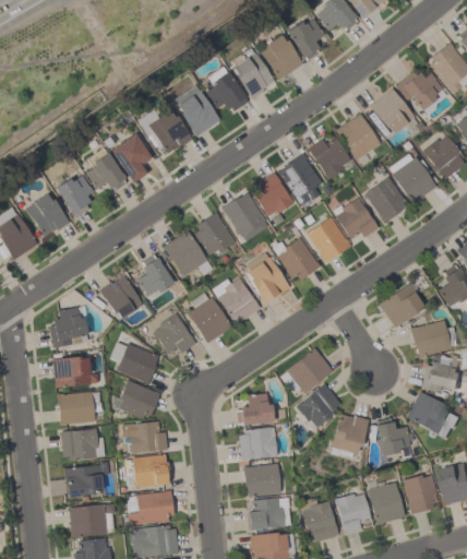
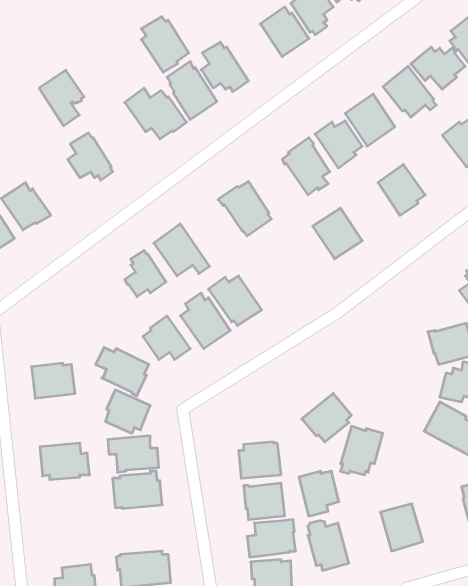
building: [231,48,274,98] -> [141,17,189,72]
building: [110,133,151,183] -> [39,70,84,126]
building: [388,154,436,203] -> none
building: [252,173,294,216] -> none
building: [56,175,92,218] -> none
building: [333,198,378,240] -> none
building: [194,213,235,255] -> none
building: [273,237,321,281] -> none
building: [247,252,289,302] -> none
building: [98,275,143,319] -> none
building: [379,283,423,328] -> none
building: [49,308,87,348] -> none
building: [286,347,333,393] -> none
building: [57,391,94,425] -> none
building: [237,393,274,425] -> none
building: [376,418,414,455] -> none
building: [64,462,109,498] -> none
building: [403,475,440,514] -> none
building: [128,491,173,525] -> none
building: [335,493,371,534] -> [299,471,339,516]
building: [69,504,115,537] -> none

